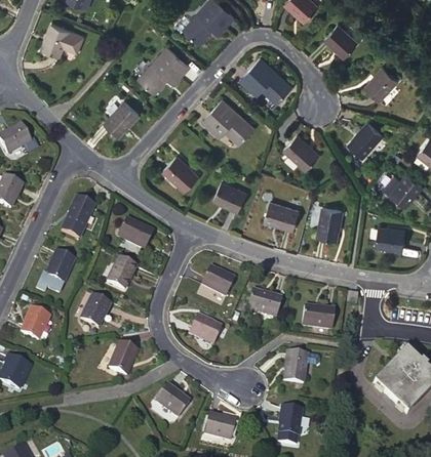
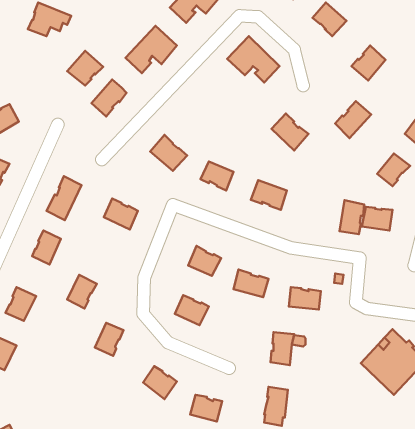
building: none -> [67,51,103,86]
building: [202,98,256,143] -> none
building: [317,206,342,240] -> [339,200,364,234]
building: [105,256,135,290] -> none

